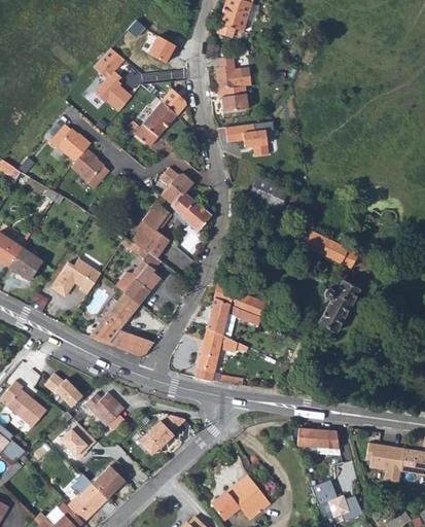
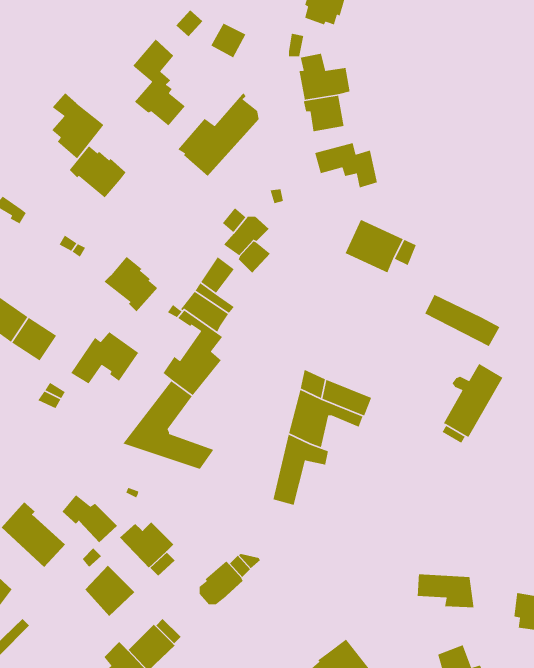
building: none -> [51,93,105,159]
building: [71,148,110,188] -> [103,256,158,312]
building: [180,201,211,231] -> none

